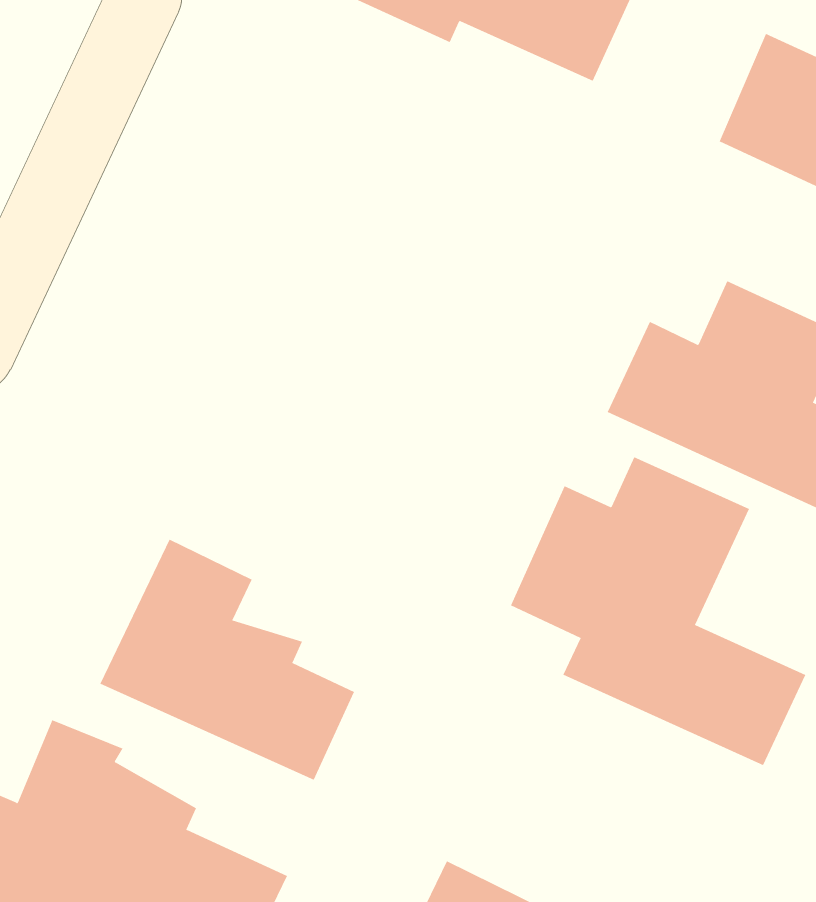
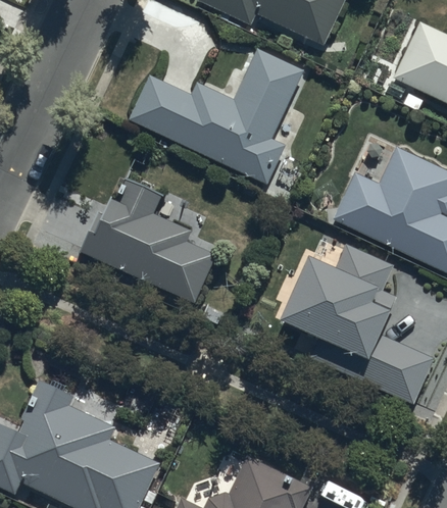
building: none -> [127,48,302,186]
building: [100,539,355,781] -> [82,176,216,304]

